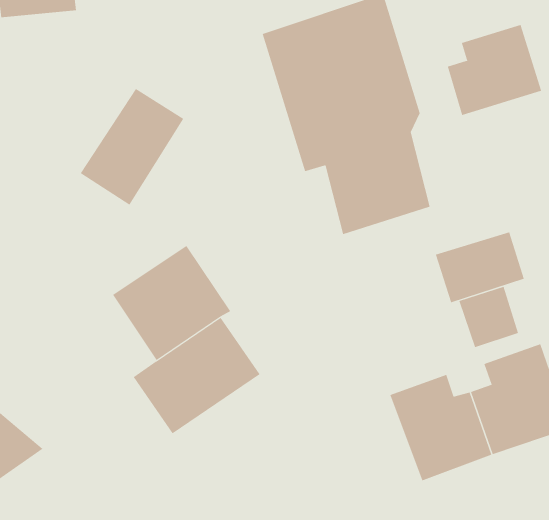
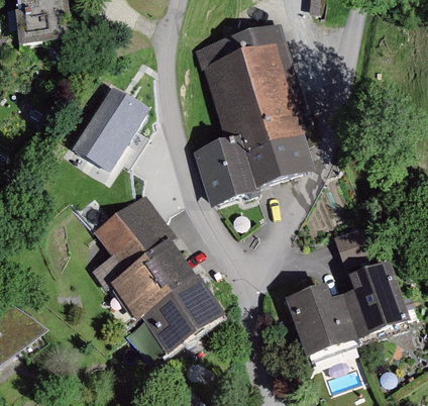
building: [447,24,542,116] -> none
building: none -> [197,140,253,206]
building: [435,231,524,303] -> none
building: none -> [141,282,224,358]

